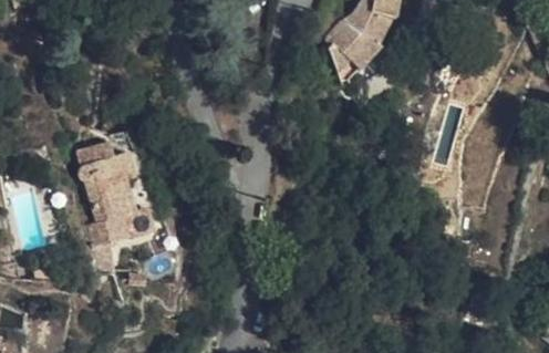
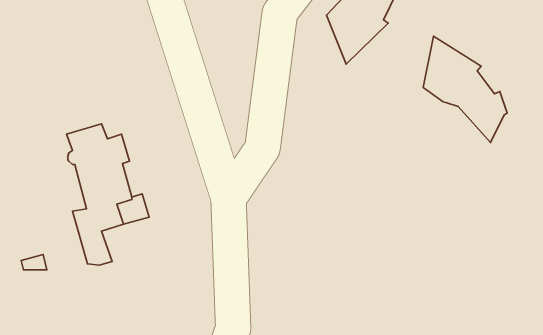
building: none -> [423,36,507,143]

